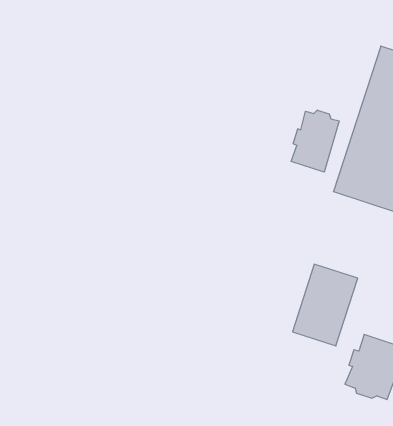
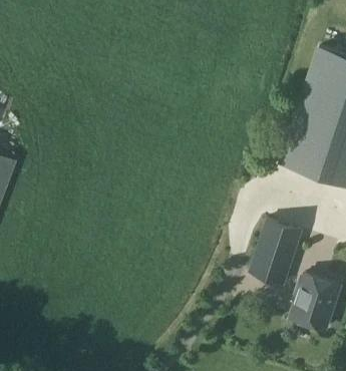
building: [291,110,339,172] -> none

